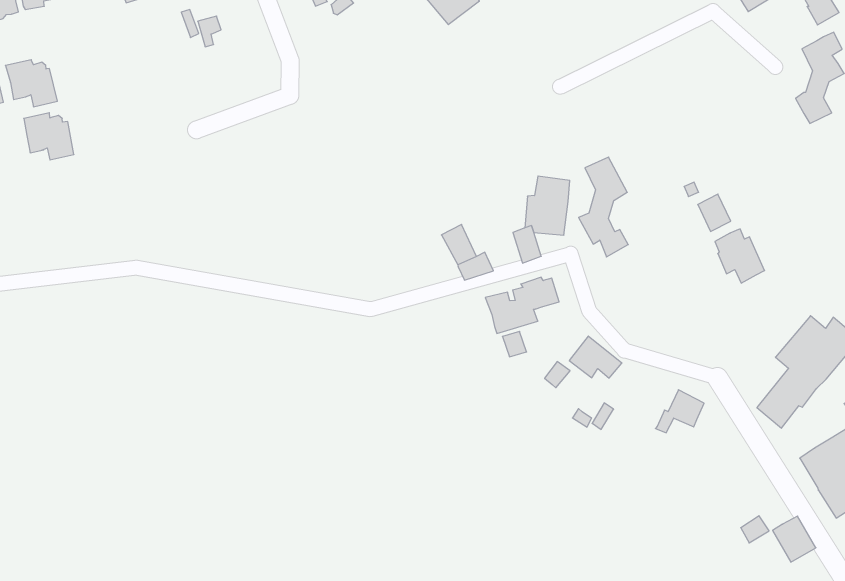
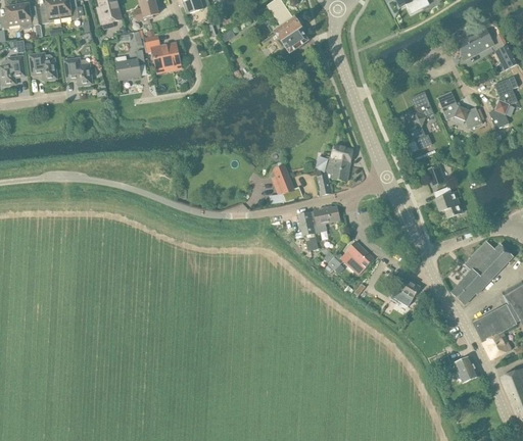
building: none -> [152,43,181,69]
building: none -> [115,49,145,81]
building: none -> [437,91,482,129]
building: [24,113,74,160] -> [64,57,92,85]
building: [579,157,628,257] -> [405,91,434,149]

